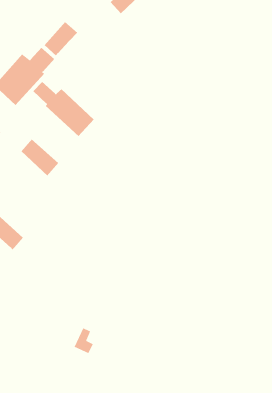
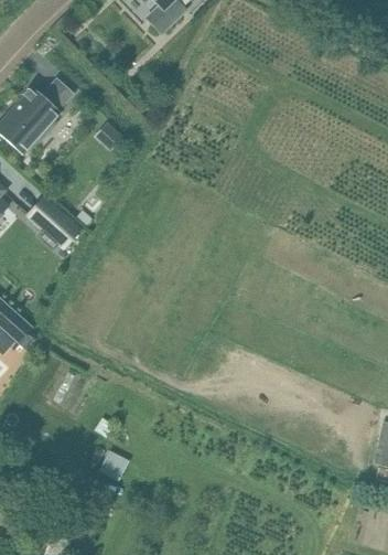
building: [44,21,78,56] -> none
building: [32,81,94,137] -> none

